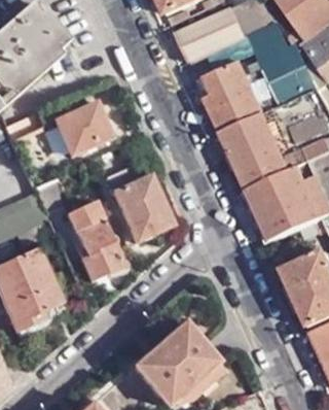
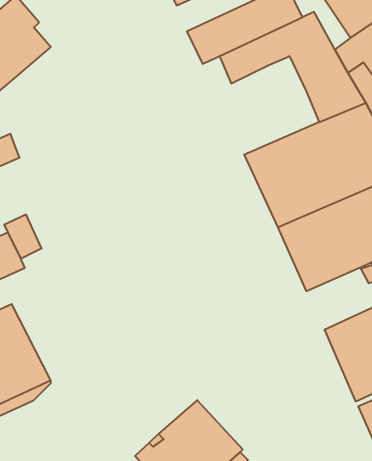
building: [197,59,280,130] -> none
building: [52,103,109,157] -> none
building: [104,166,171,242] -> none
building: [64,200,120,282] -> none

